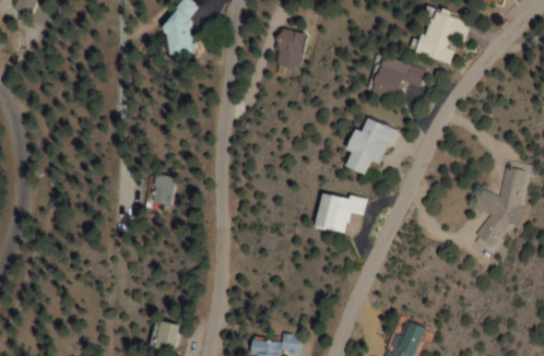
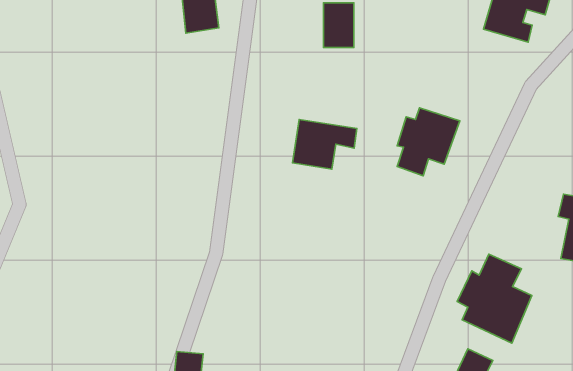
building: [367,52,429,100] -> none
building: [155,175,177,204] -> none
building: [314,191,367,233] -> [293,119,357,169]
building: none -> [457,254,532,343]

